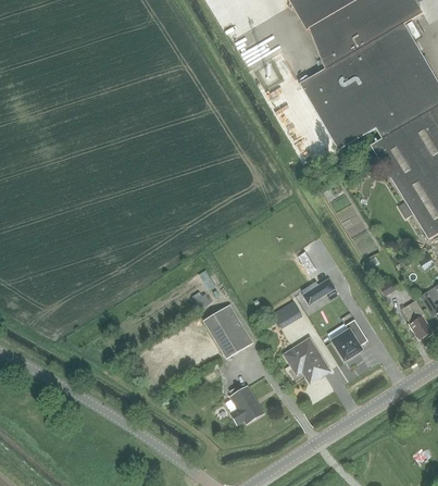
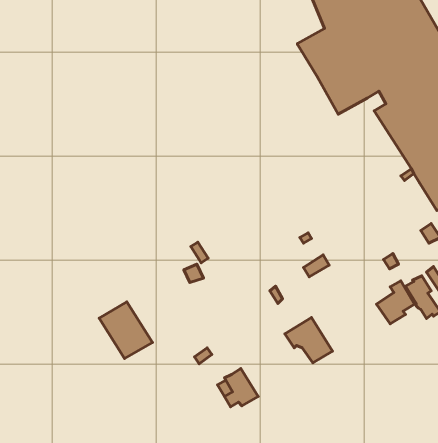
building: [203,304,253,358] -> [99,302,152,359]
building: [333,320,368,360] -> [376,281,415,324]

